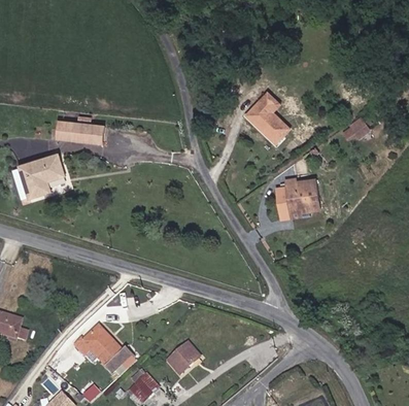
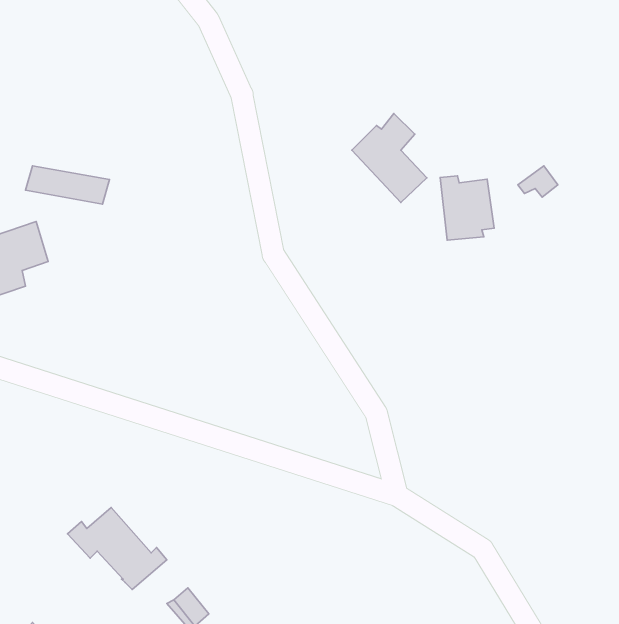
building: [283,178,315,216] -> [440,176,494,240]
building: [169,340,202,372] -> none

